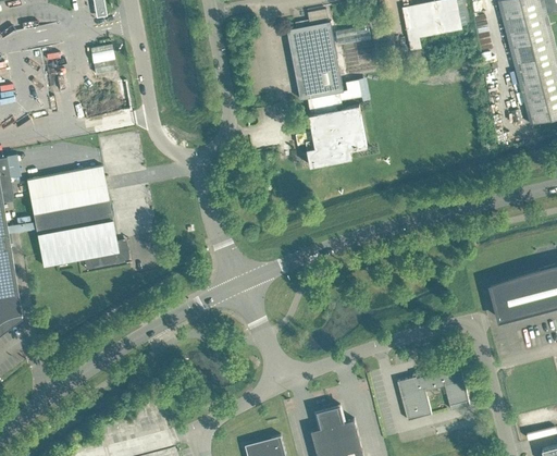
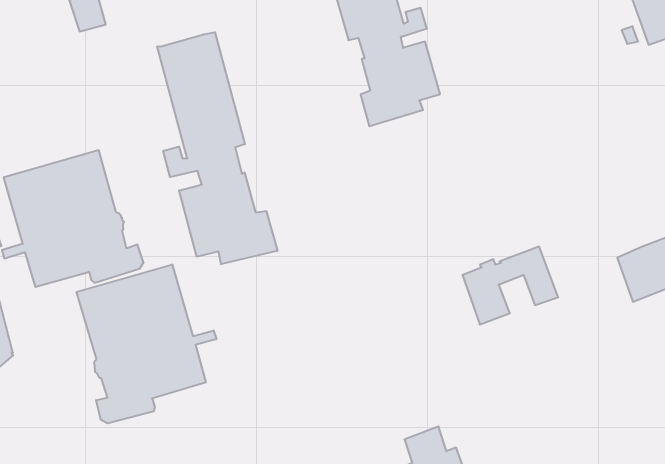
building: none -> [157,32,277,264]
building: none -> [77,264,216,423]
building: [398,366,470,421] -> [462,247,558,325]

